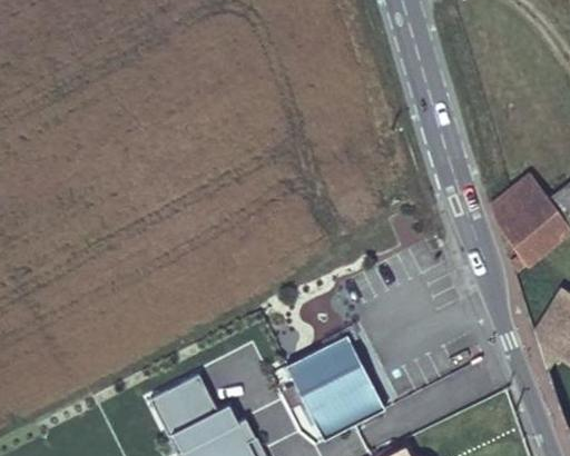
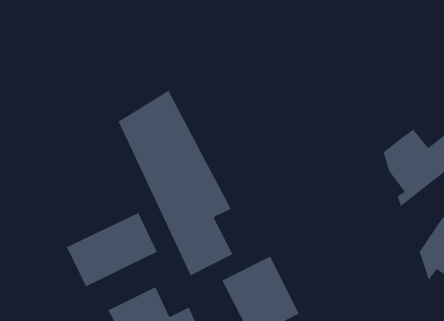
building: none -> [118,90,233,276]
building: none -> [66,212,158,287]

